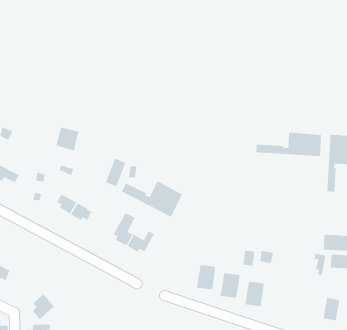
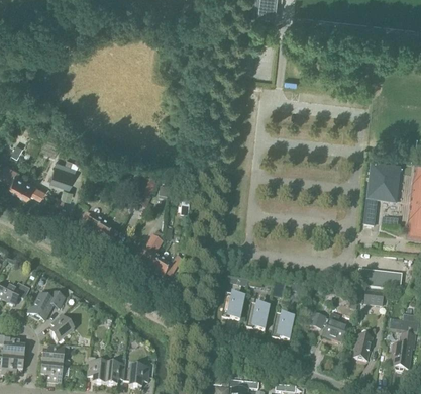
building: [56,127,79,151] -> [50,159,76,185]
building: [256,132,321,157] -> none
building: [121,181,183,217] -> none
building: none -> [28,290,66,319]
building: none -> [310,312,347,340]

